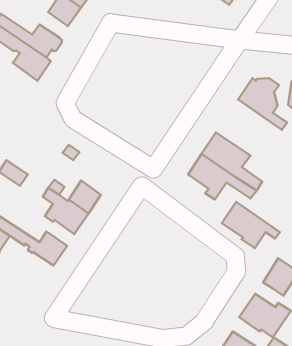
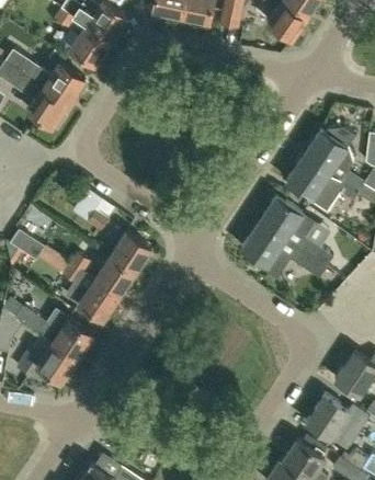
building: none -> [111,231,151,272]
building: [222,202,280,248] -> [286,155,357,212]
building: none -> [24,332,77,381]

